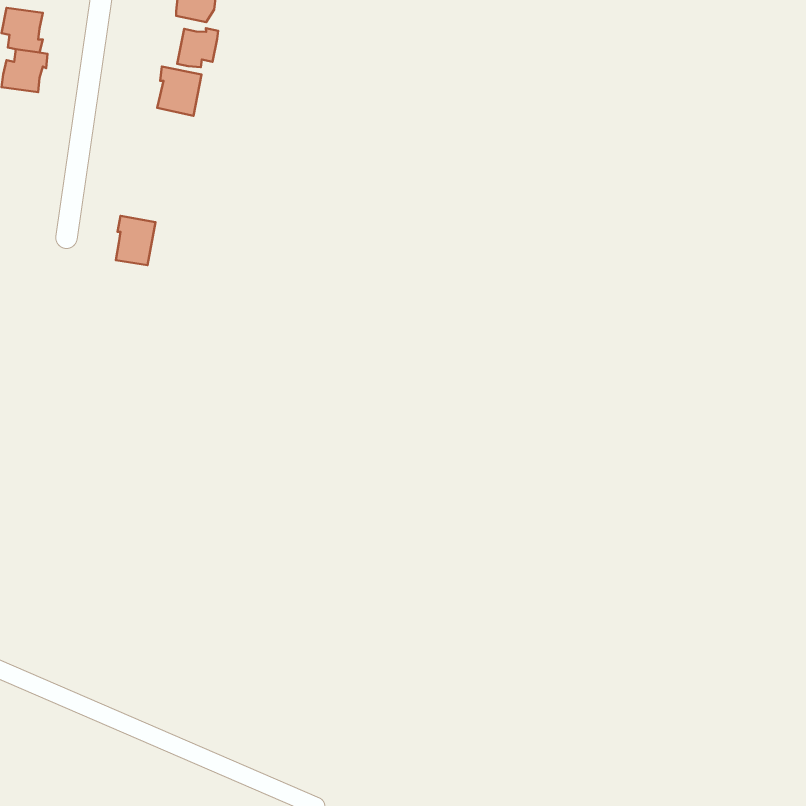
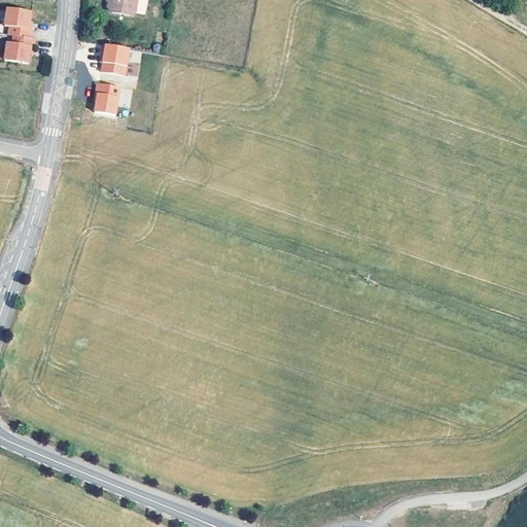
building: [177,28,218,67] -> none
building: [116,216,155,265] -> [95,82,120,114]

